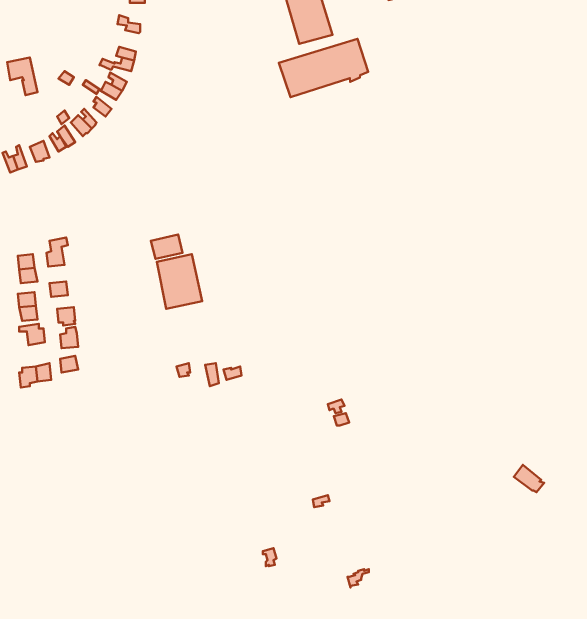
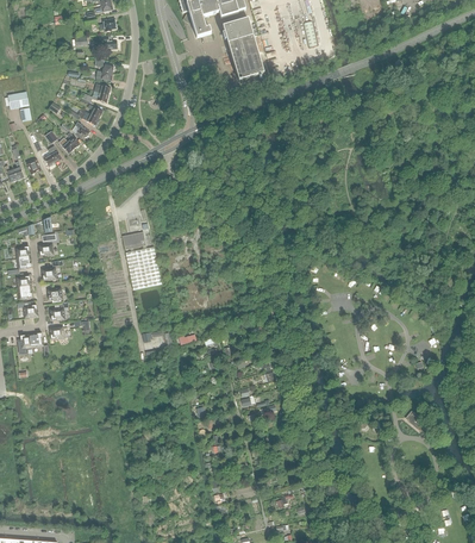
building: [279,39,368,97] -> none

